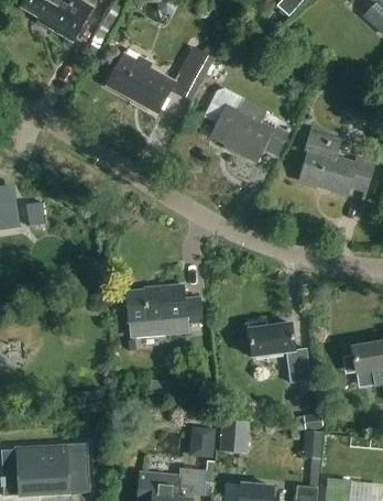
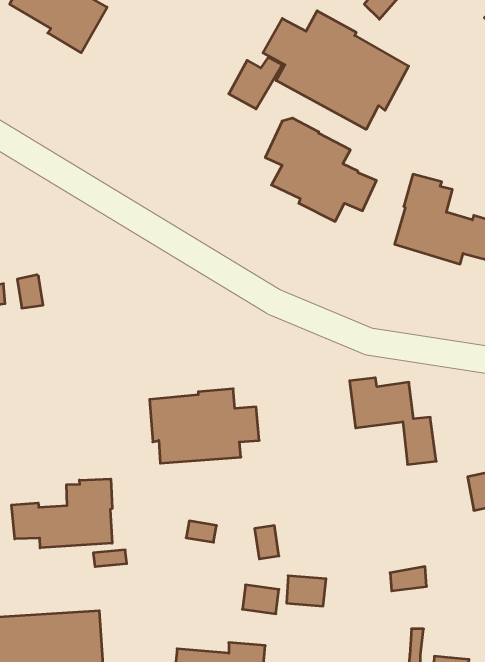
building: none -> [263,11,409,129]
building: [107,55,174,112] -> none
building: [248,319,310,382] -> [350,378,436,464]
building: none -> [12,479,112,548]

